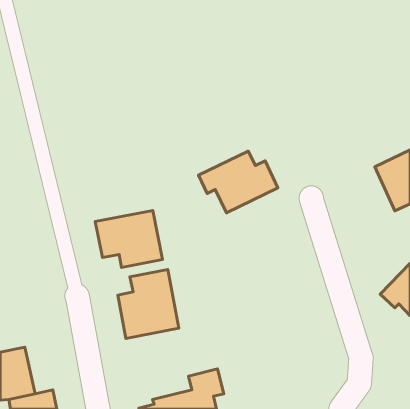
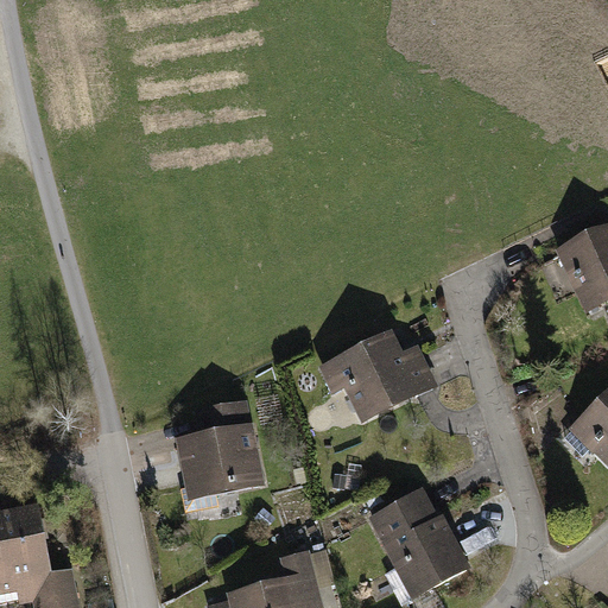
building: [198,151,278,213] -> [318,330,436,422]
building: [95,211,162,267] -> none
building: none -> [366,488,471,598]

